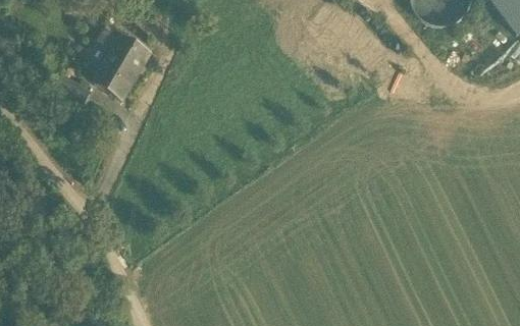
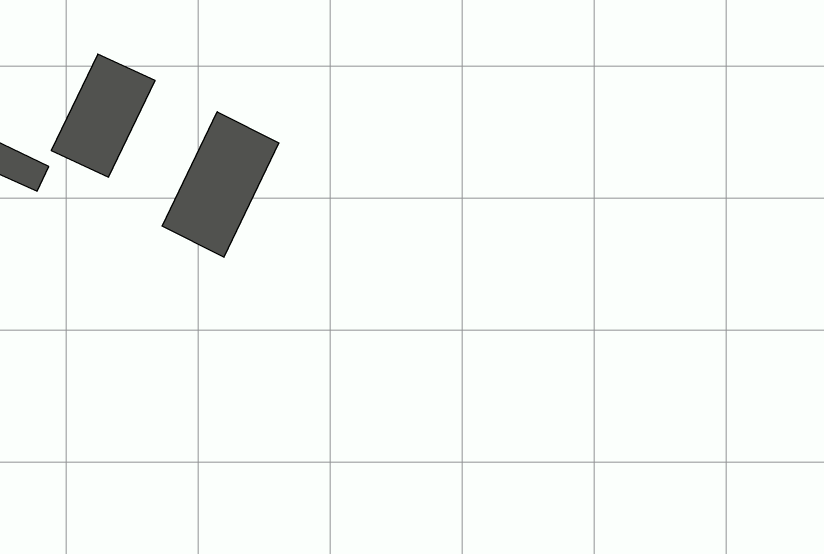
building: none -> [162,112,279,257]

